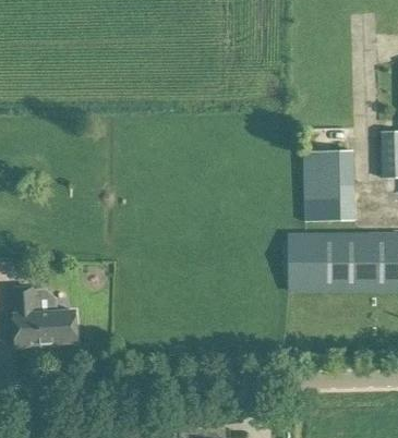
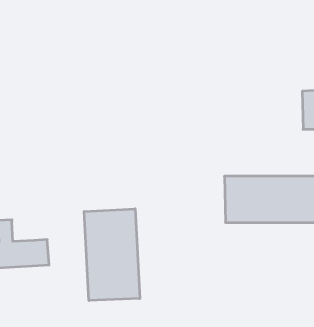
building: [303,149,354,220] -> none
building: none -> [84,209,140,301]

